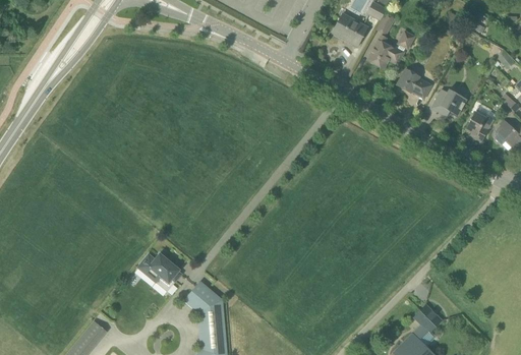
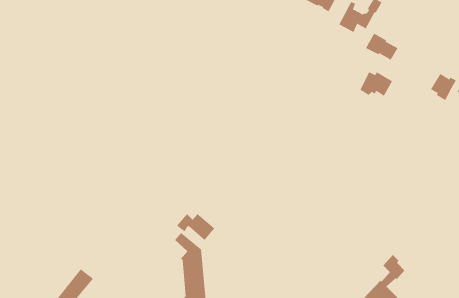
building: [430,88,466,115] -> [359,72,393,96]
building: [137,253,179,283] -> [176,213,215,241]

